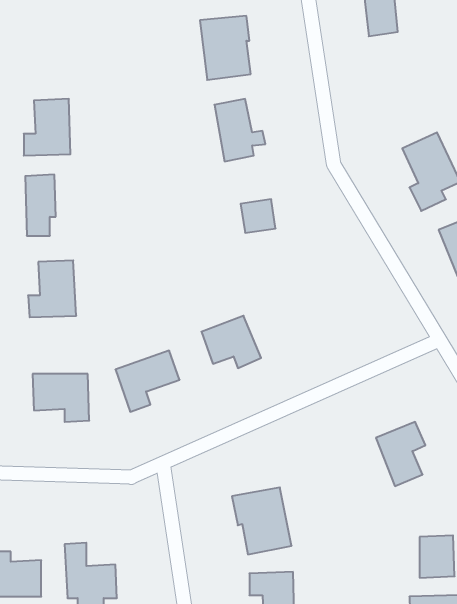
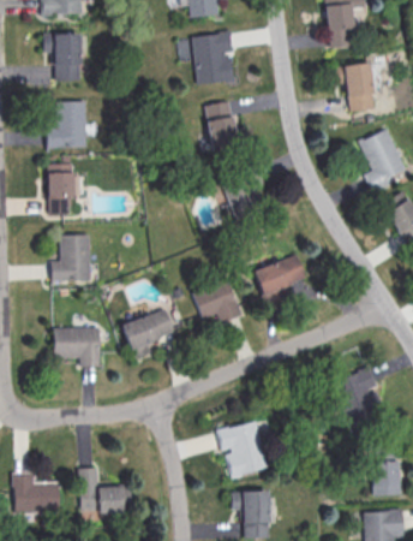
building: none -> [43,35,79,81]
building: none -> [345,64,375,113]
building: none -> [253,255,306,296]

